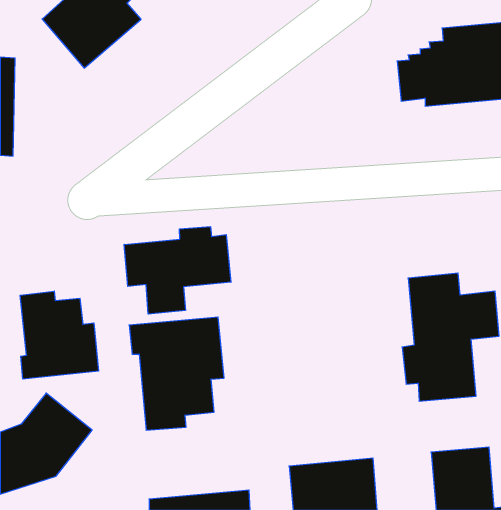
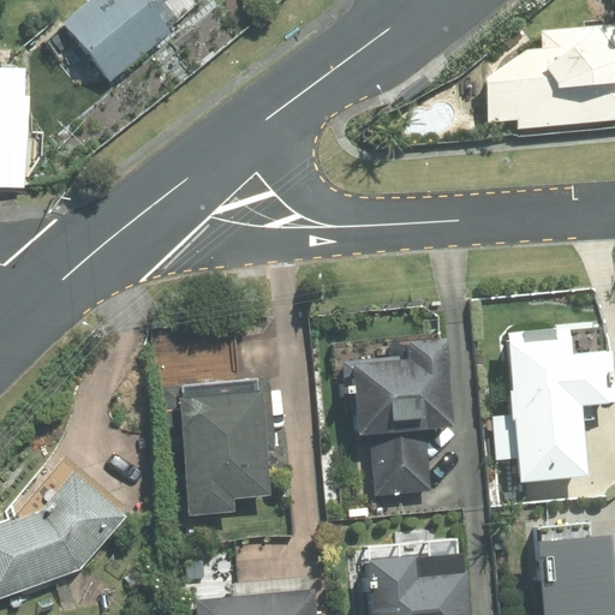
building: [124,227,231,314] -> none
building: none -> [345,339,447,496]
building: [20,291,98,379] -> none

